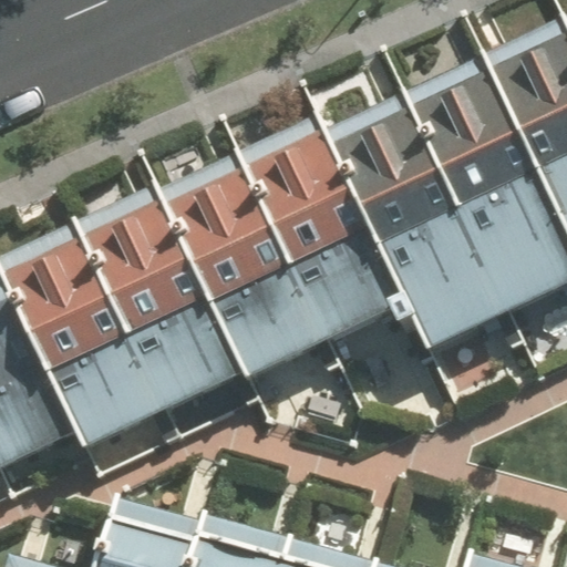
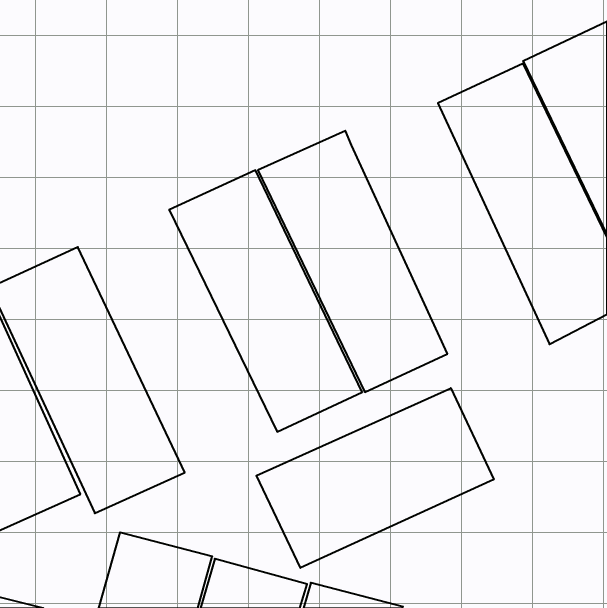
building: [330,96,506,352] -> none
building: [75,195,252,435] -> none
building: none -> [256,388,494,568]

